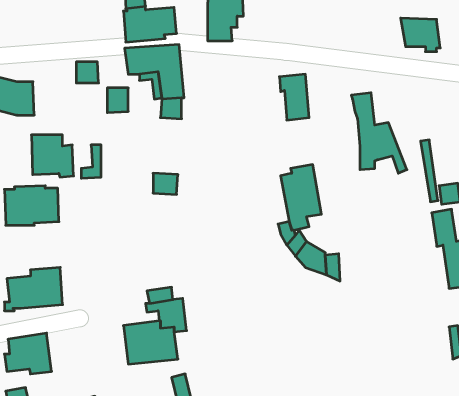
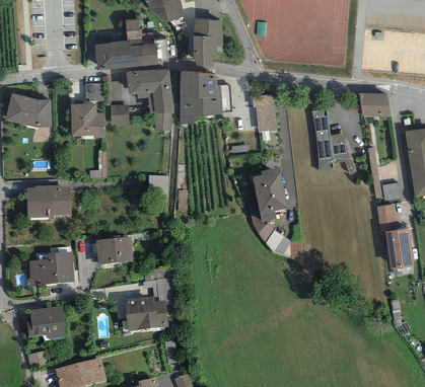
building: none -> [94,42,126,69]
building: [401,18,440,52] -> [358,92,391,120]
building: none -> [180,72,222,123]
building: [31,135,74,177] -> [70,103,104,138]
building: none -> [95,236,133,264]

